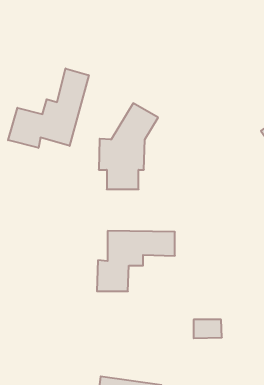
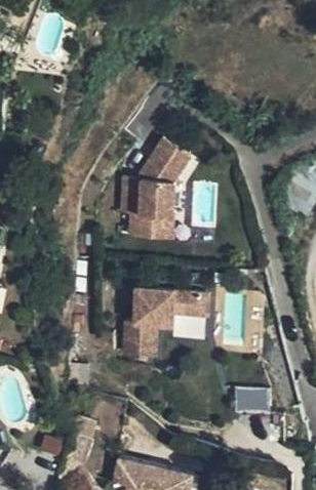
building: [8,68,89,148] -> none

